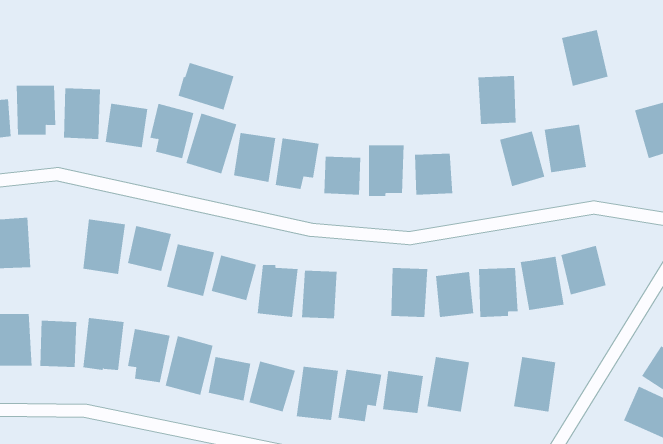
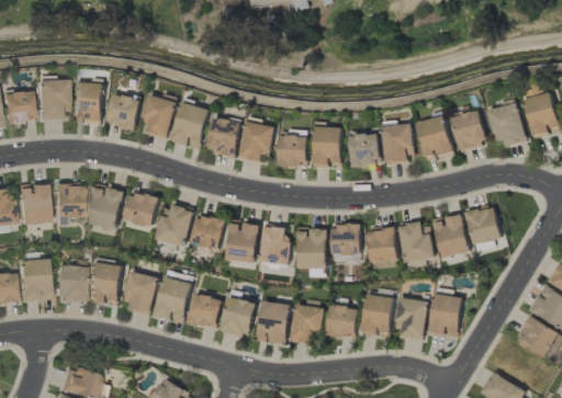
building: [561,29,609,87] -> [490,103,527,148]
building: [178,62,234,110] -> none
building: [477,76,516,124] -> [383,124,414,162]
building: none -> [54,183,82,226]
building: none -> [297,228,327,269]
building: none -> [394,297,428,340]

